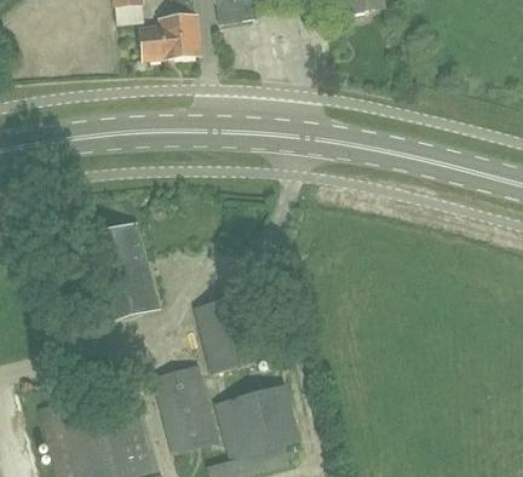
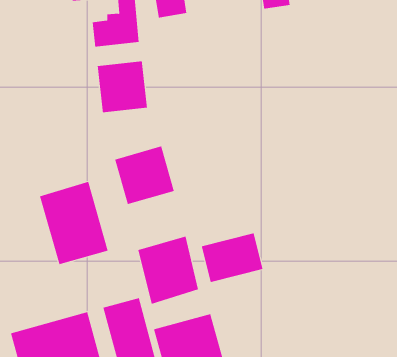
building: none -> [97,61,147,113]
building: none -> [115,146,175,205]
building: none -> [201,233,263,283]

